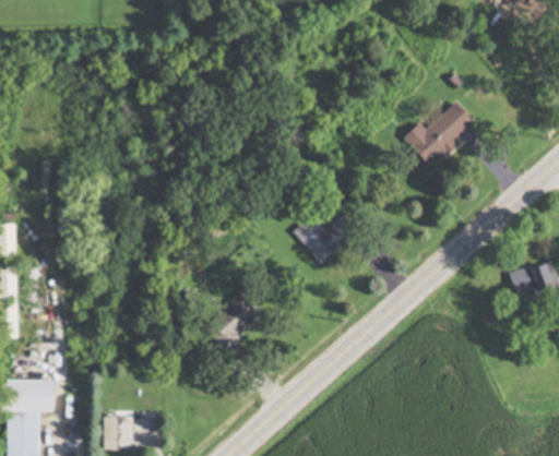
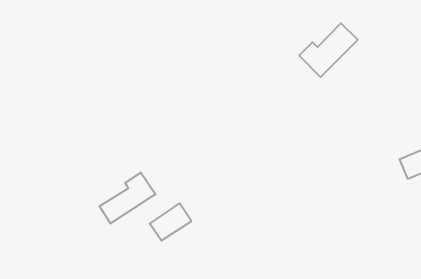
building: [294,214,340,261] -> none
building: none -> [100,172,156,224]

